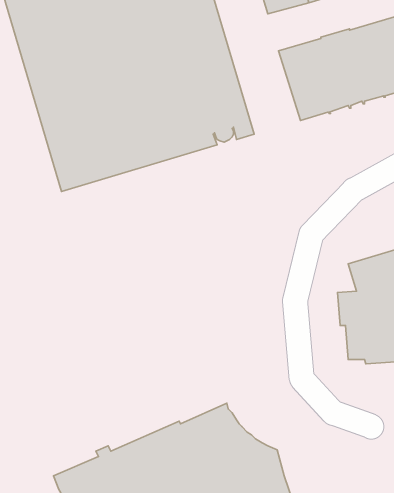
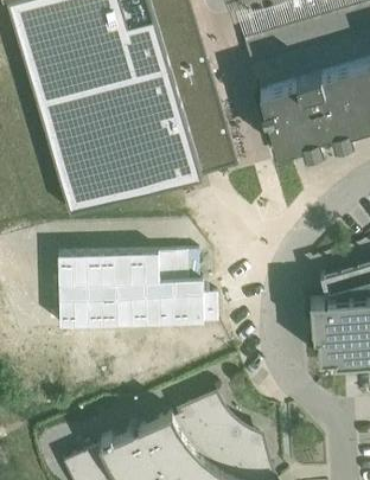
building: none -> [56,250,217,326]

